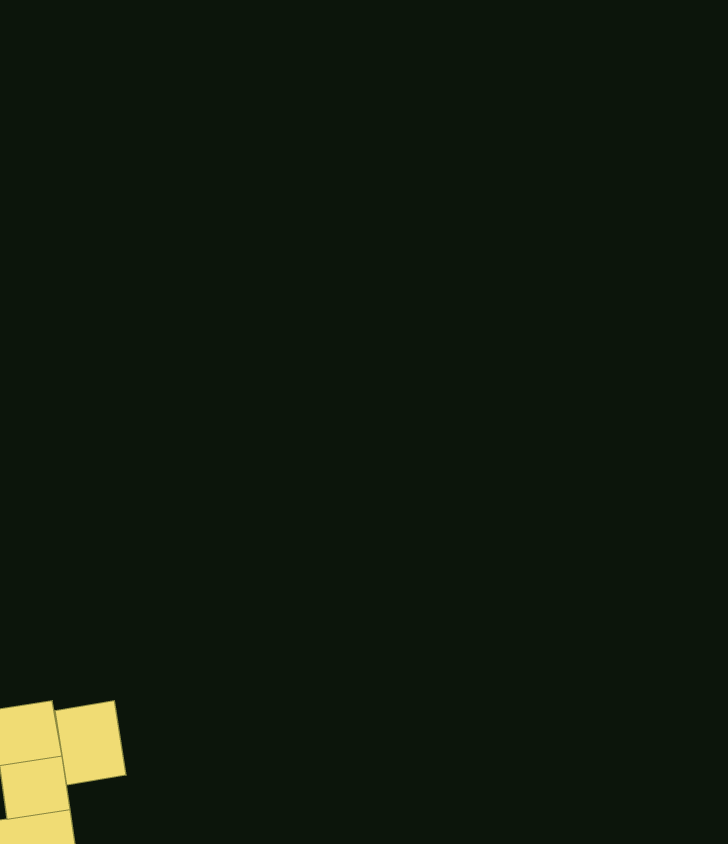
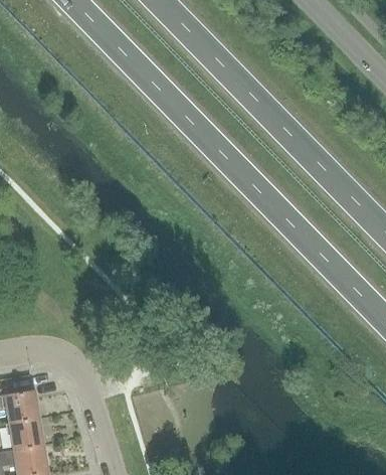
building: [55,701,126,785] -> none

